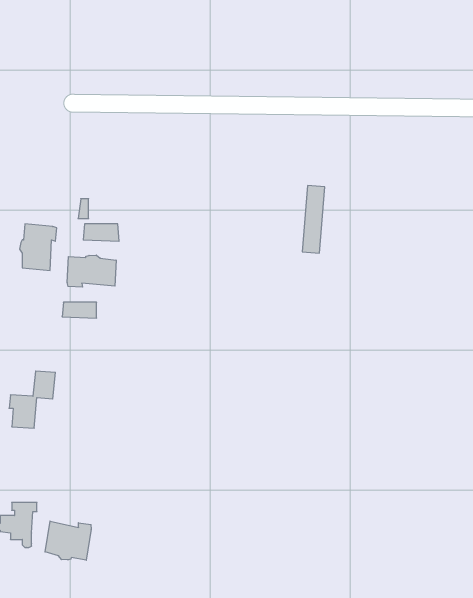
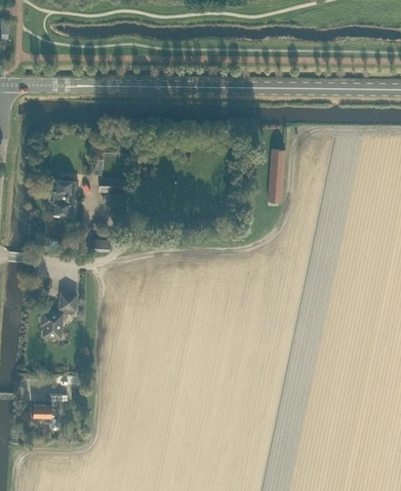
building: [67,255,116,287] -> none
building: [45,521,91,560] -> none

